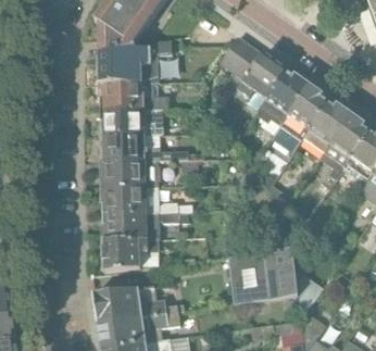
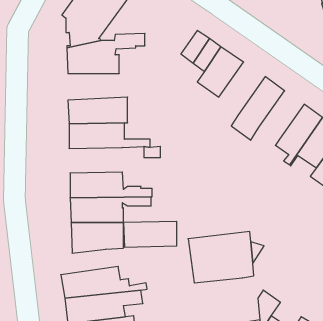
building: [256,68,310,124] -> none
building: [101,80,167,109] -> none
building: [304,99,351,150] -> none
building: [102,159,159,186] -> [123,221,177,247]

